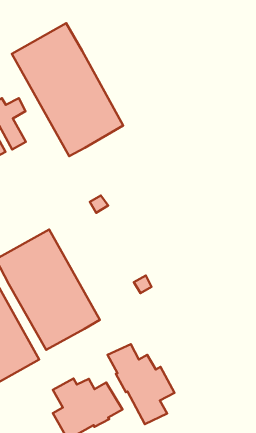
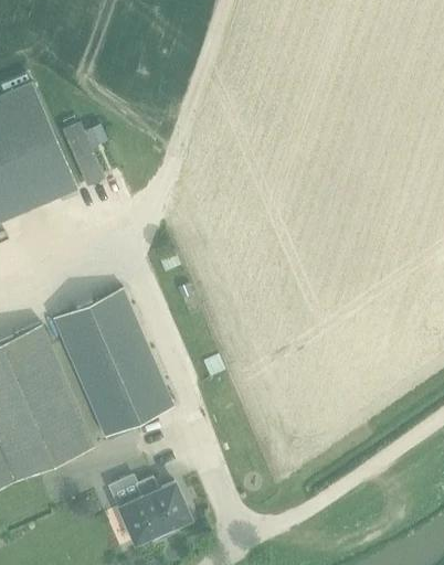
building: [12,23,123,156] -> none
building: [107,344,175,424] -> none

